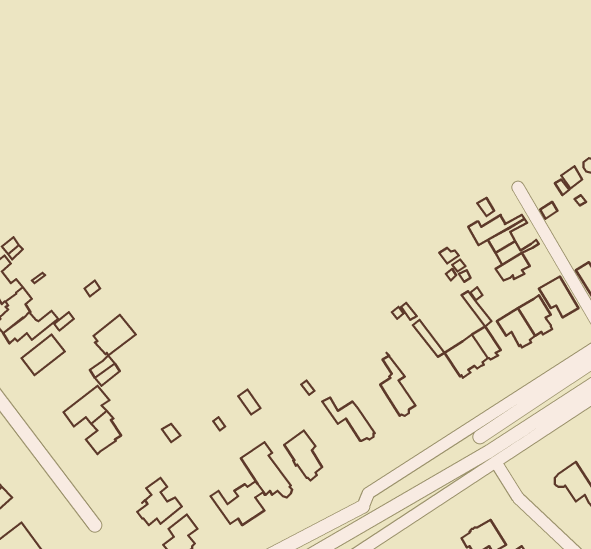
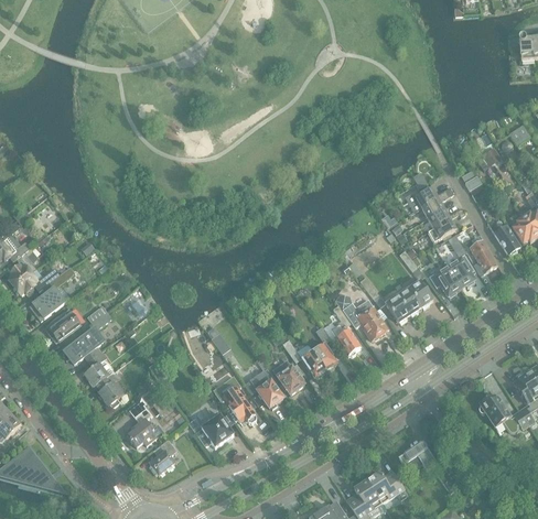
building: [94,315,136,355] -> [45,309,80,343]
building: none -> [334,294,387,339]
building: none -> [311,326,335,369]
building: none -> [272,360,303,393]
building: none -> [95,371,122,408]

